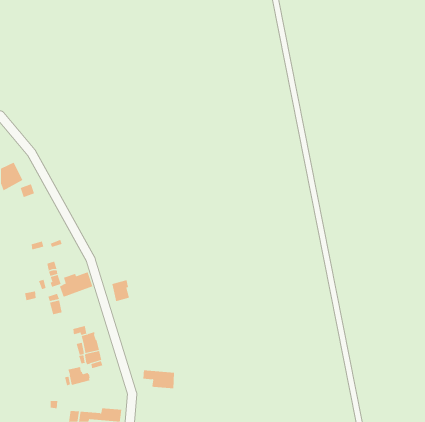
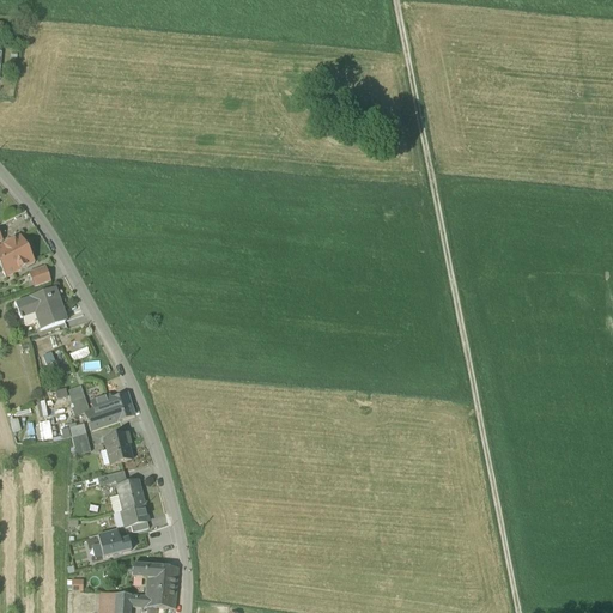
building: none -> [14,286,65,327]
building: [111,280,130,302] -> [104,431,131,463]
building: [142,370,175,389] -> [131,563,177,590]

